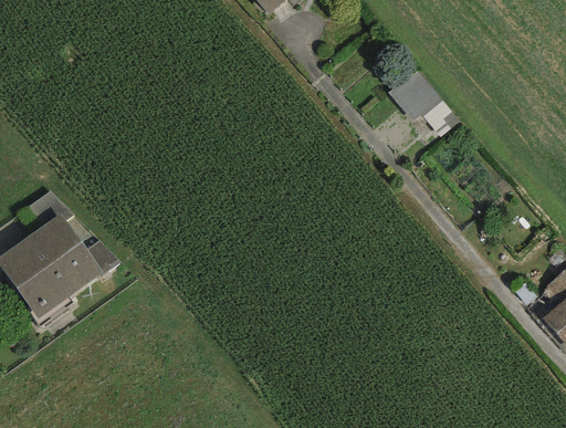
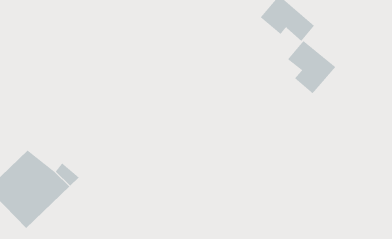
building: none -> [287,40,336,94]

